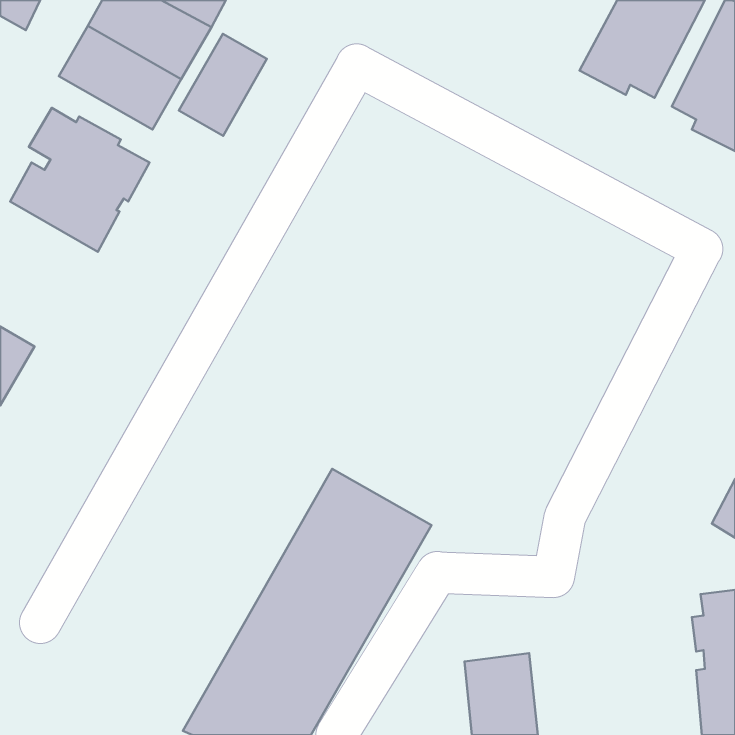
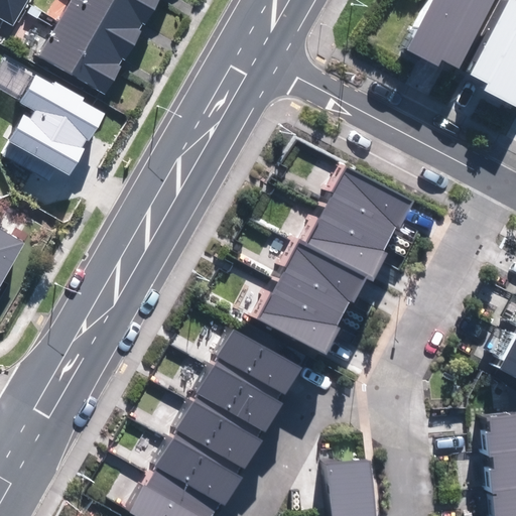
building: [179,34,267,136] -> none
building: none -> [258,166,412,354]

